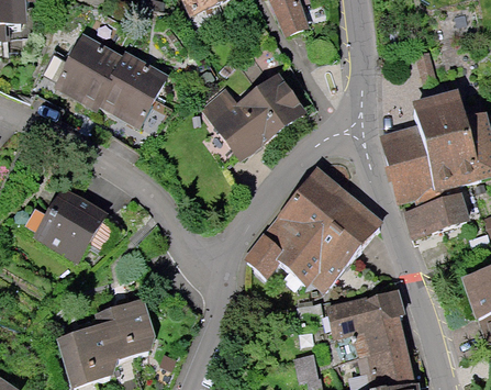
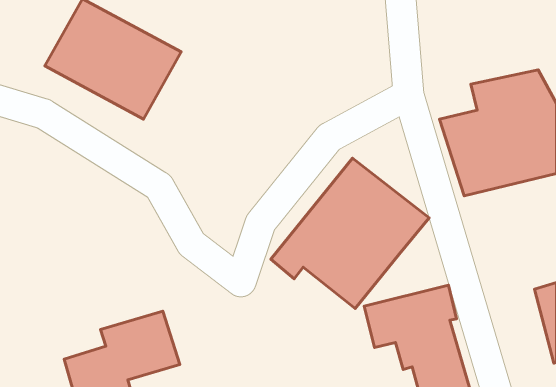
building: [203,71,310,157] -> none
building: [40,193,114,268] -> none
building: [402,194,472,235] -> none

